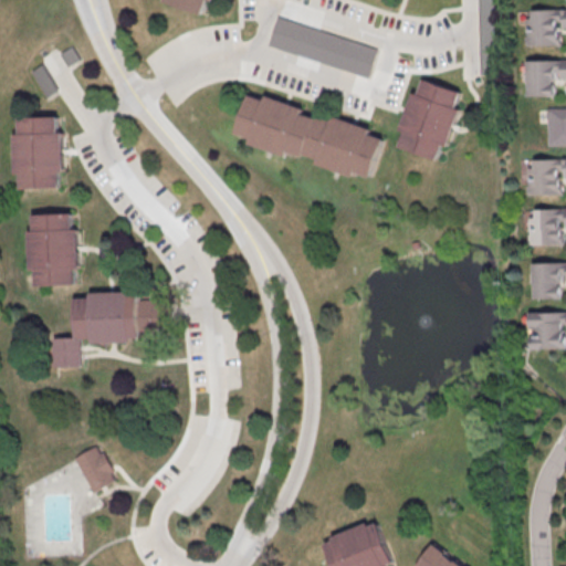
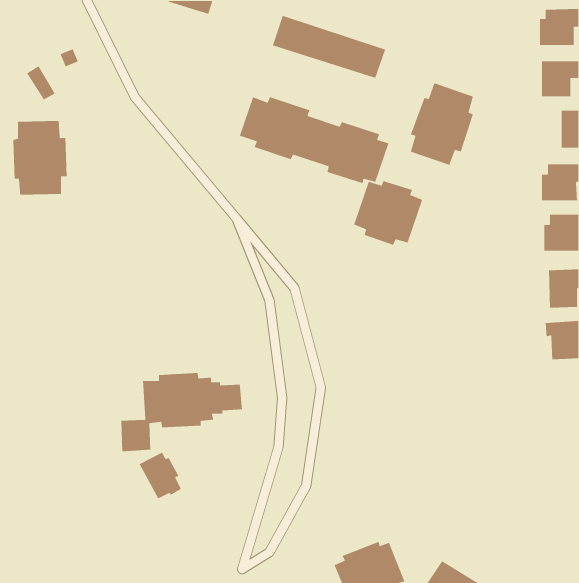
building: none -> [353,180,423,246]
building: [25,216,80,287] -> none
building: [53,292,171,369] -> [120,372,243,452]
building: [73,447,115,493] -> [138,451,182,499]

